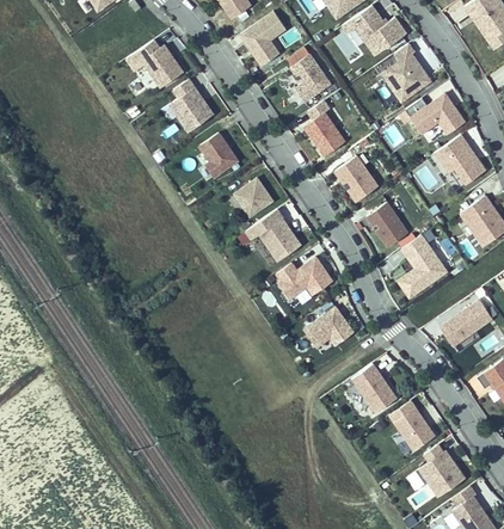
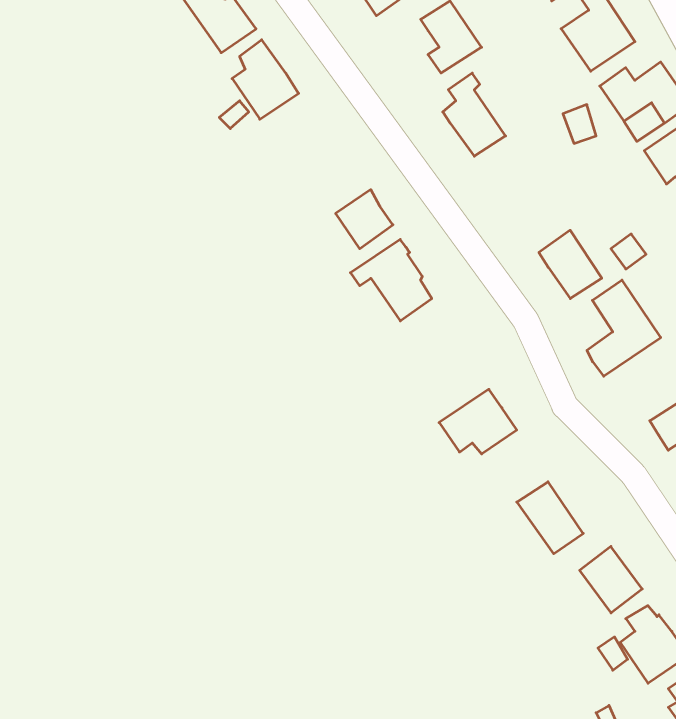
building: [198,133,238,177] -> none
building: [334,156,377,202] -> none
building: [276,257,333,296] -> none

